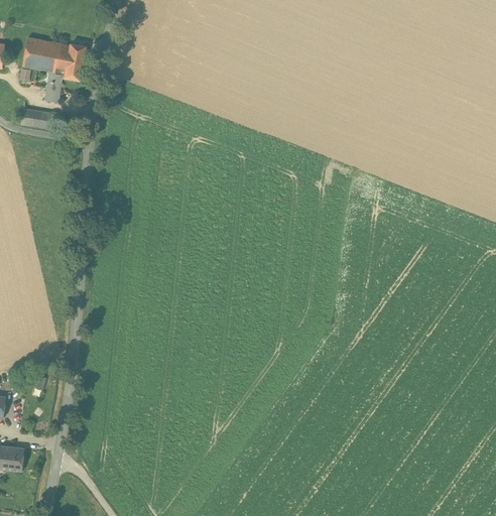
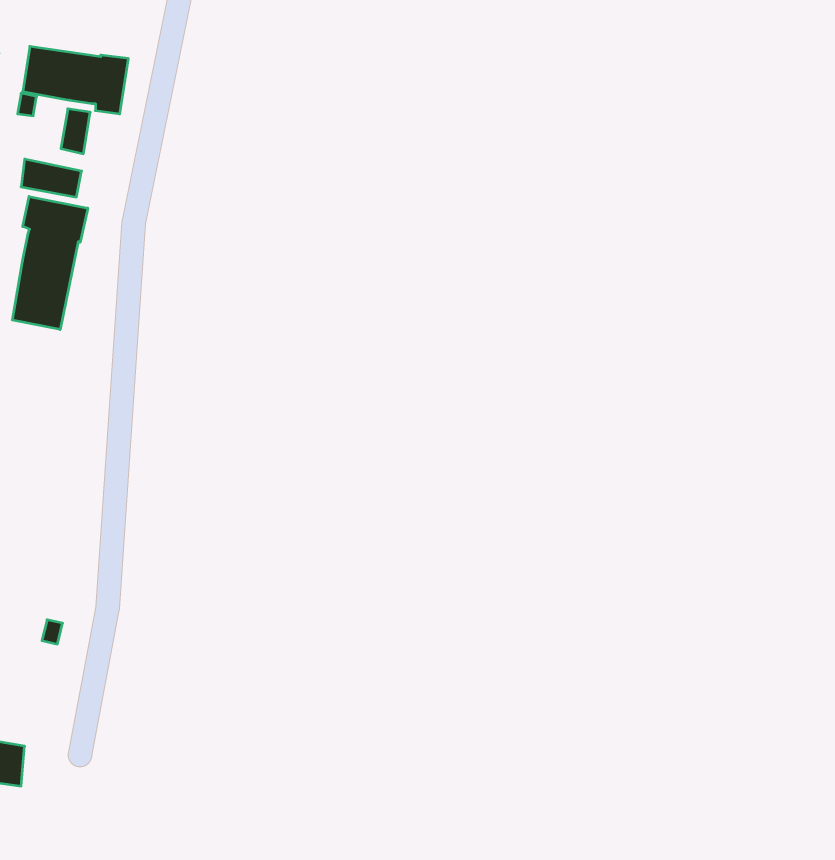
building: none -> [12,196,88,330]

